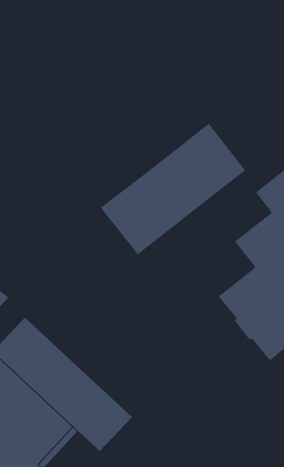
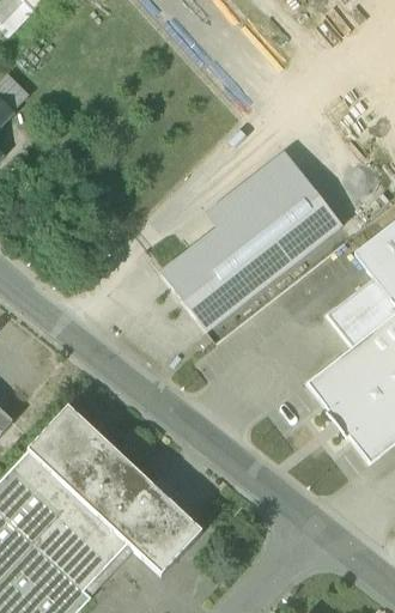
building: none -> [205,151,297,229]

